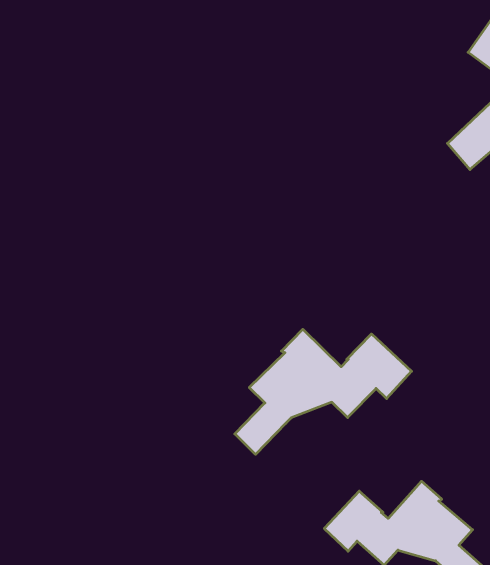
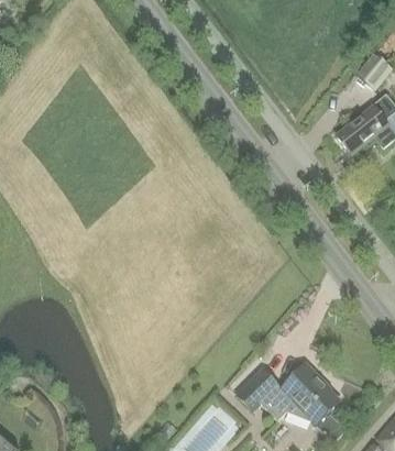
building: [235,329,412,454] -> none

